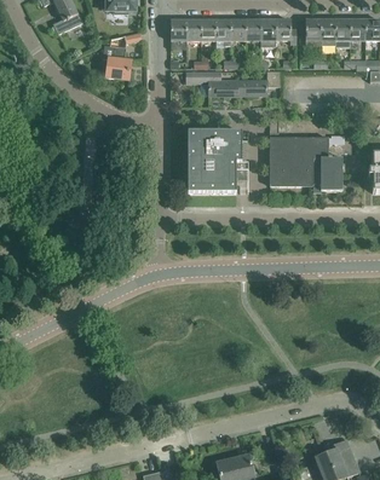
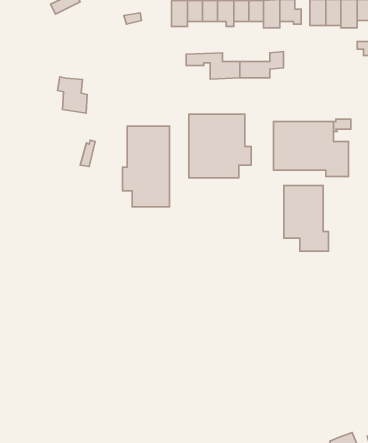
building: [102,44,131,79] -> [57,77,87,113]
building: none -> [123,126,170,207]
building: none -> [284,186,328,251]

